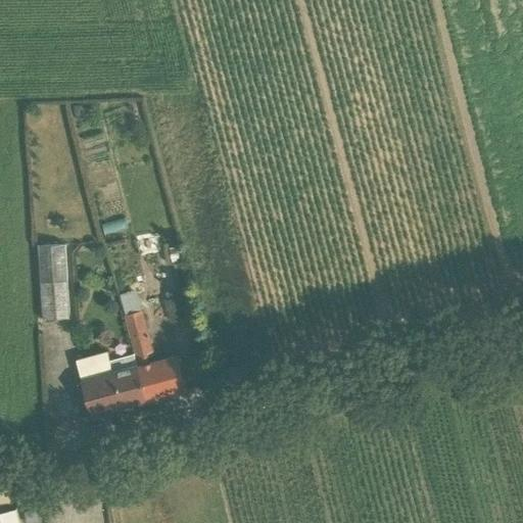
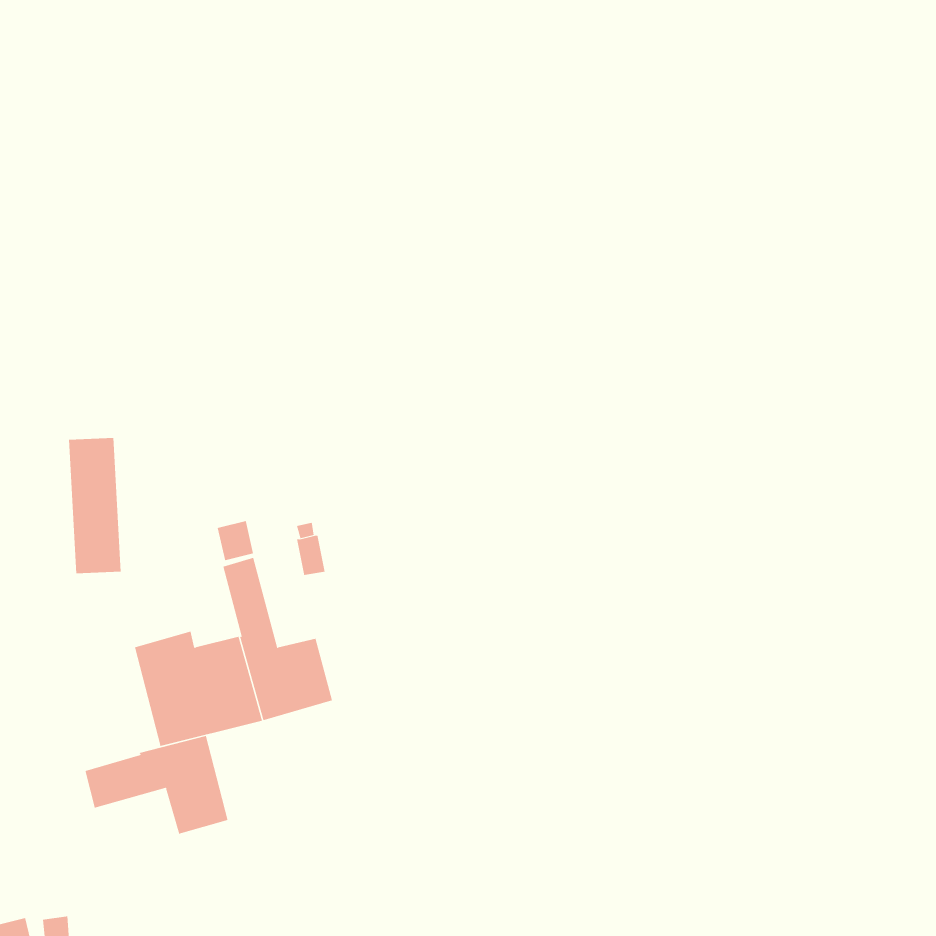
building: none -> [85,735,228,835]

